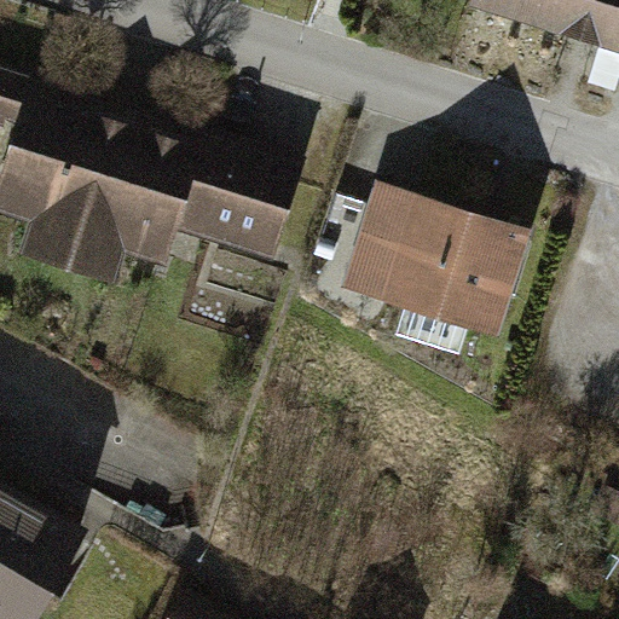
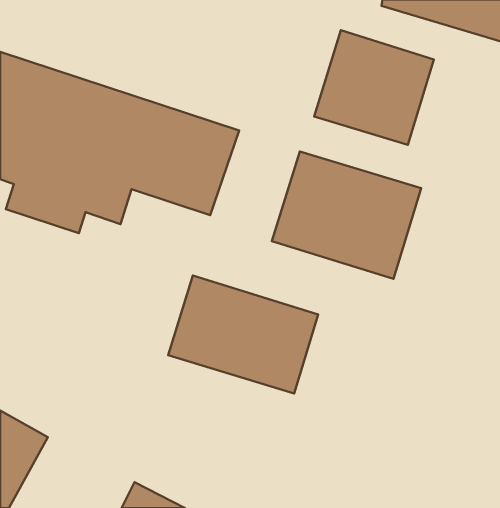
building: none -> [314,30,434,145]
building: none -> [168,276,318,394]

